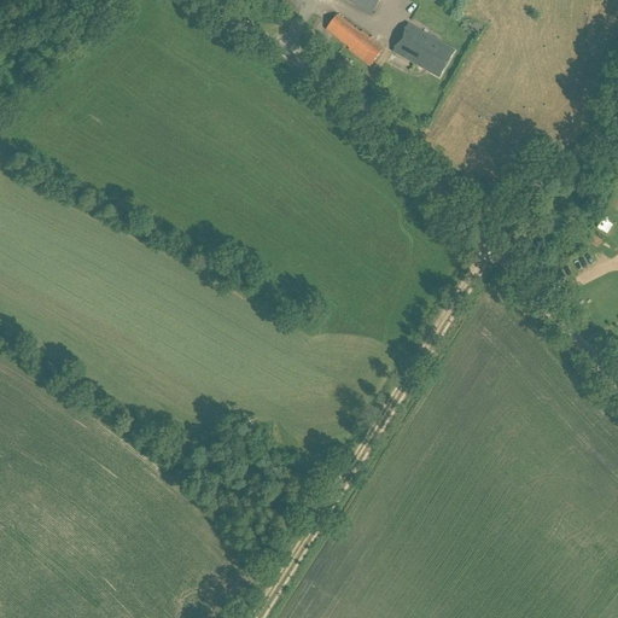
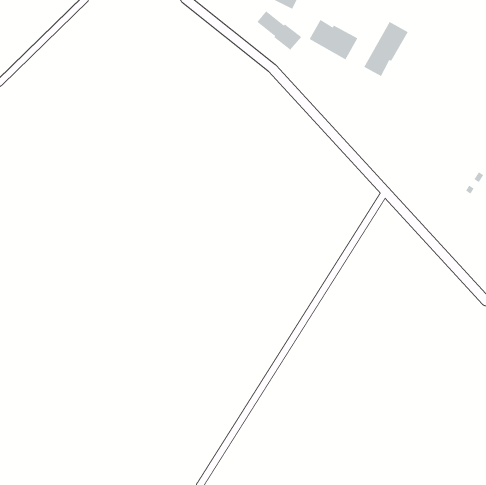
building: none -> [364,21,409,77]

